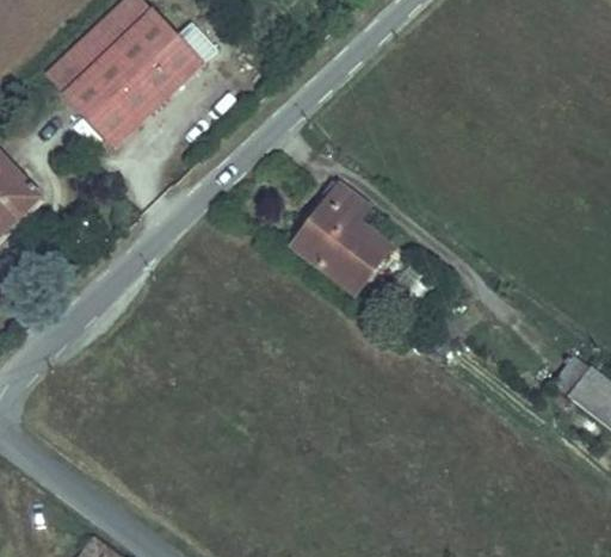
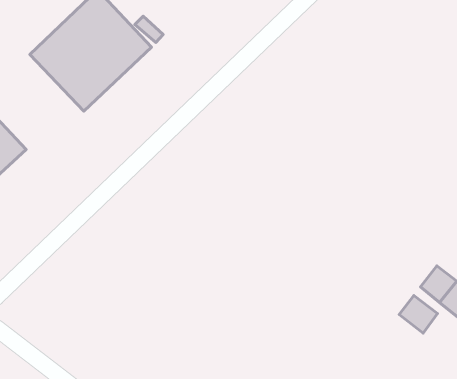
building: [296,184,387,284] -> none
building: none -> [399,296,437,333]

